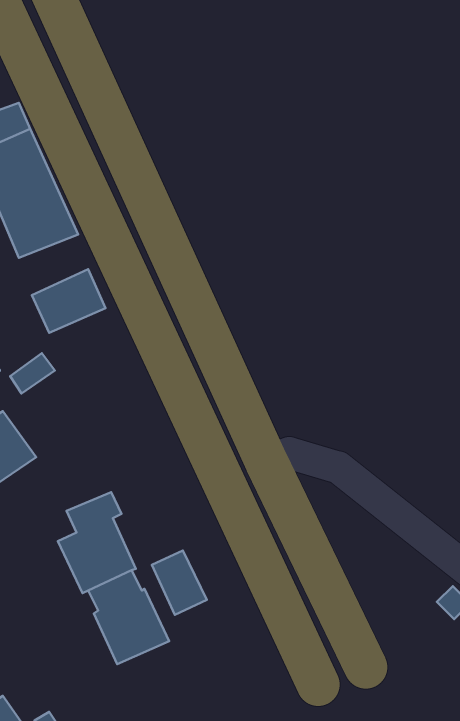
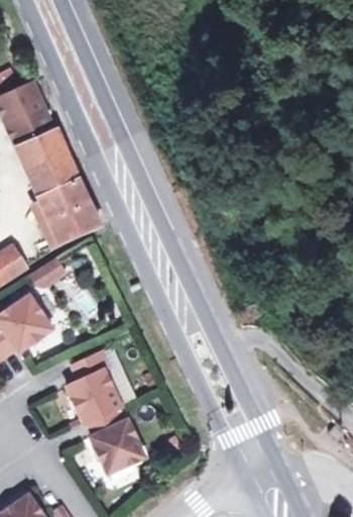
building: none -> [38,175,90,215]
building: [152,551,207,615] -> none

